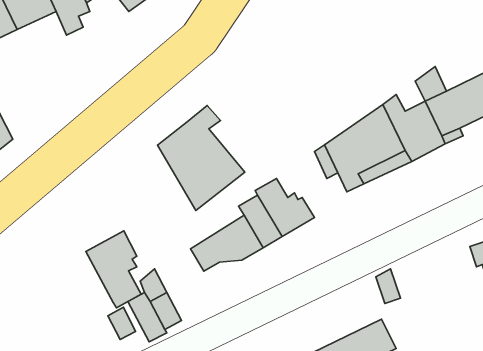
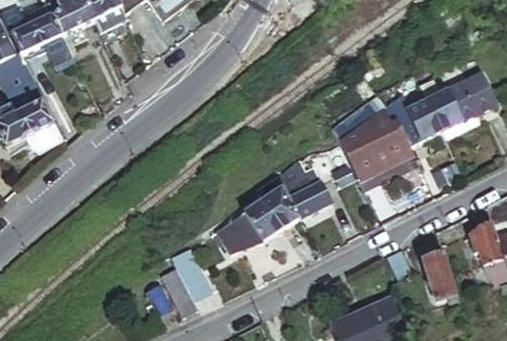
building: [158,106,245,211] -> none
building: [86,231,141,308] -> none
building: none -> [423,251,457,299]

